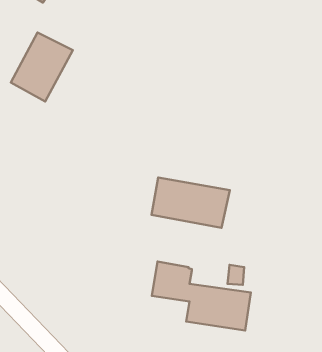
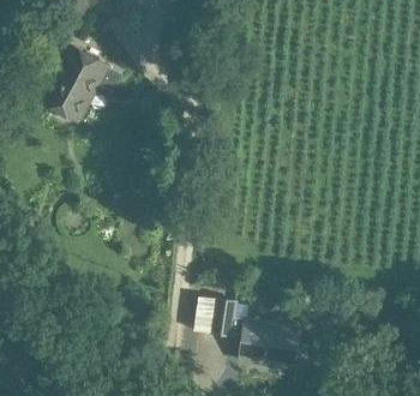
building: [152,177,230,228] -> none

